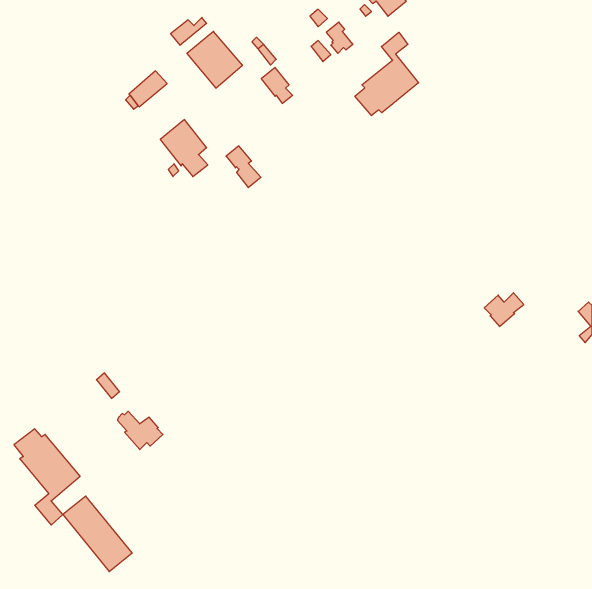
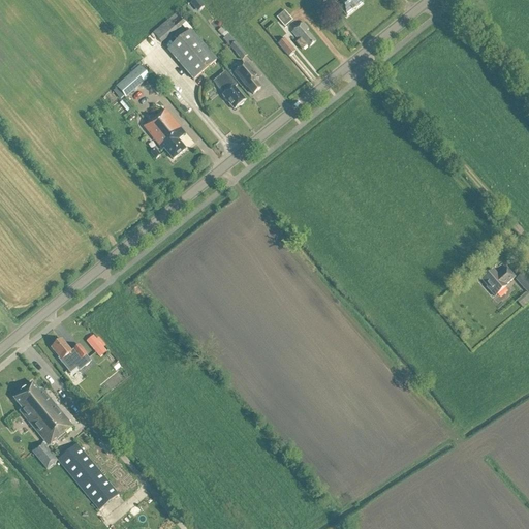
building: [355,32,419,116] -> none
building: [226,146,261,188] -> [213,69,244,106]
building: [484,293,524,326] -> [479,264,515,294]
building: [118,411,163,450] -> [51,337,91,371]

